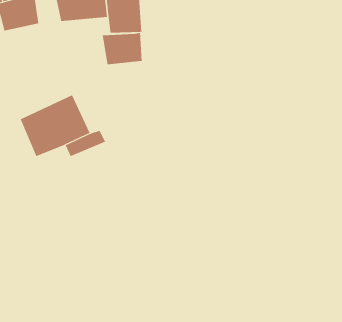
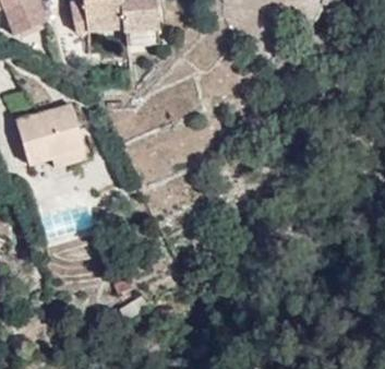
building: [102,32,142,65] -> none

